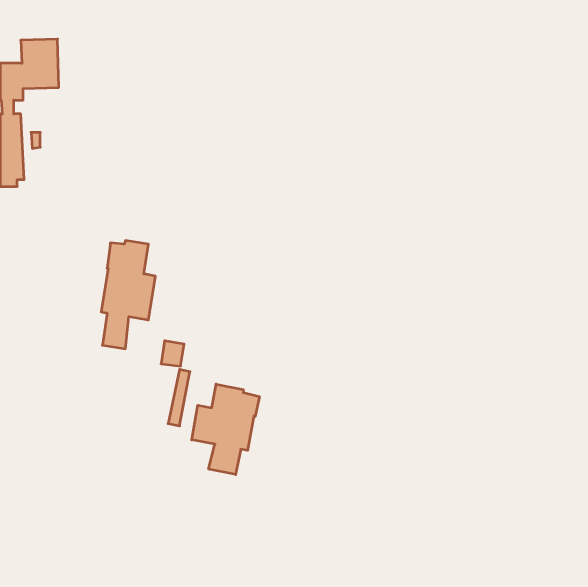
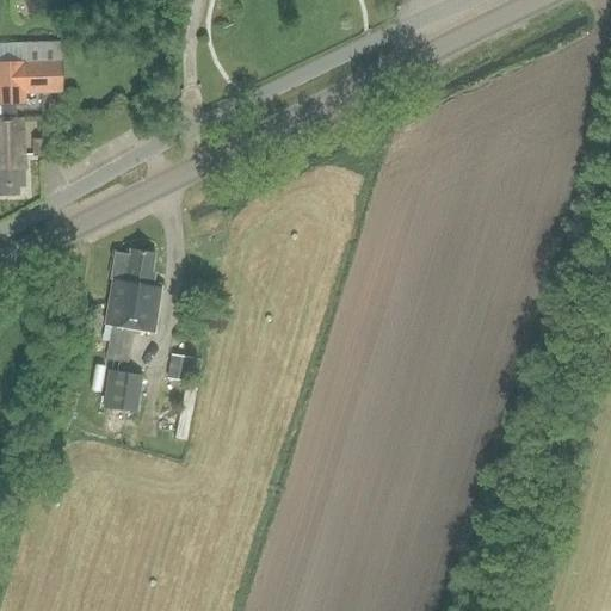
building: none -> [104,369,144,412]
building: [192,384,259,475] -> none

